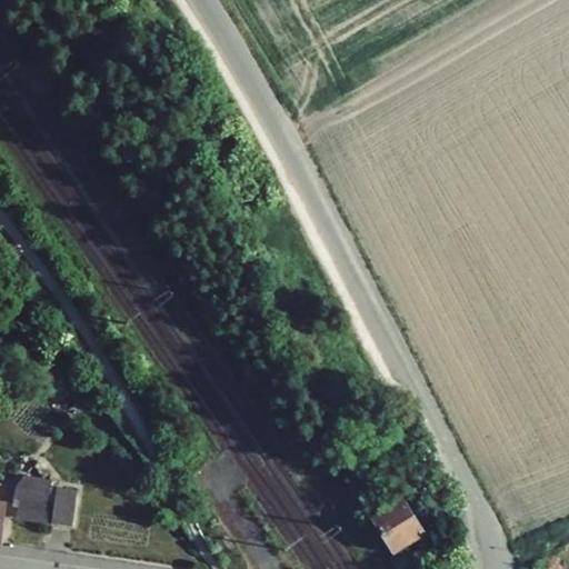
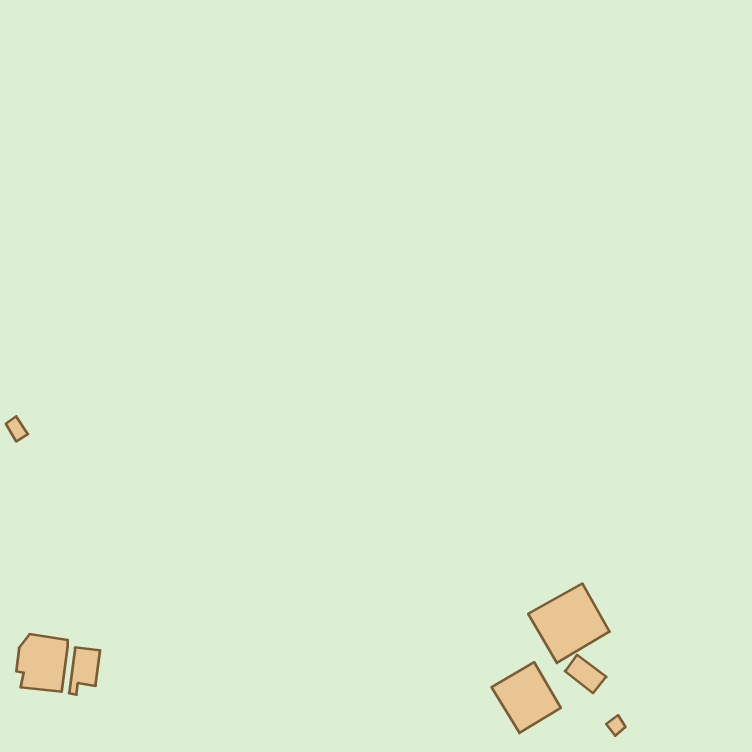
building: none -> [528,584,610,663]

